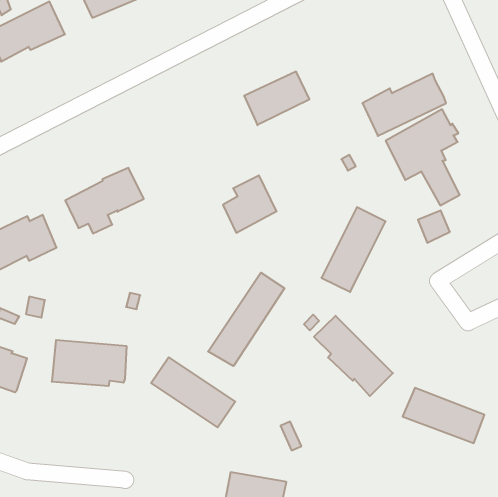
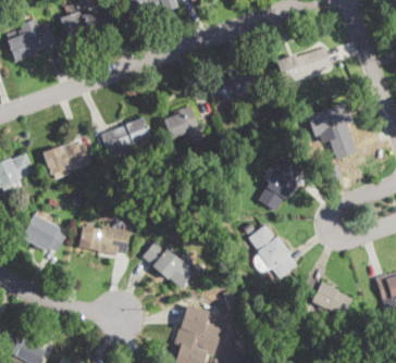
building: [362,74,446,136] -> [277,47,331,83]
building: [223,175,277,233] -> [165,104,199,139]
building: [208,273,284,366] -> none

